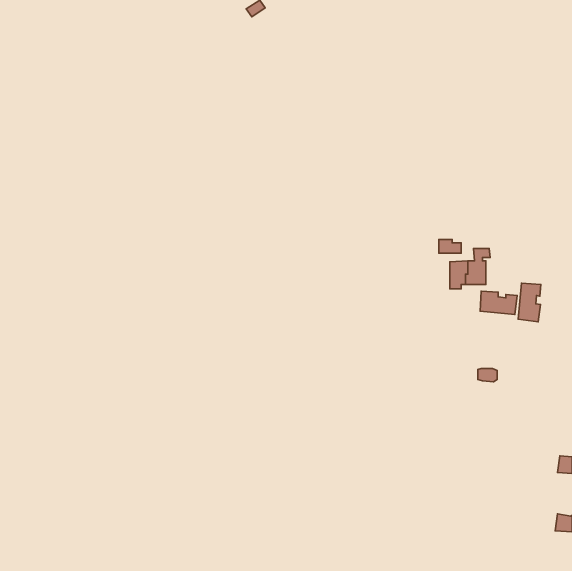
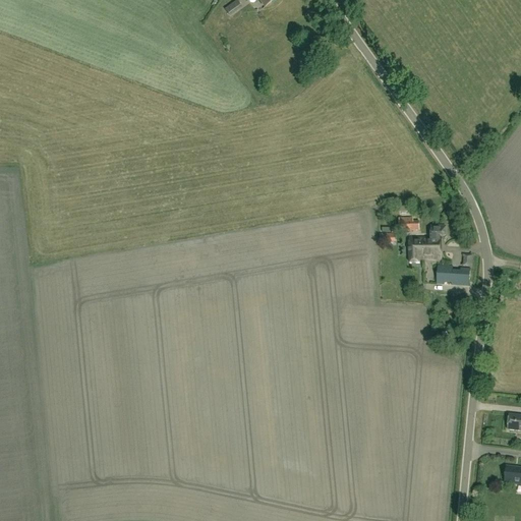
building: [518,283,541,322] -> none

